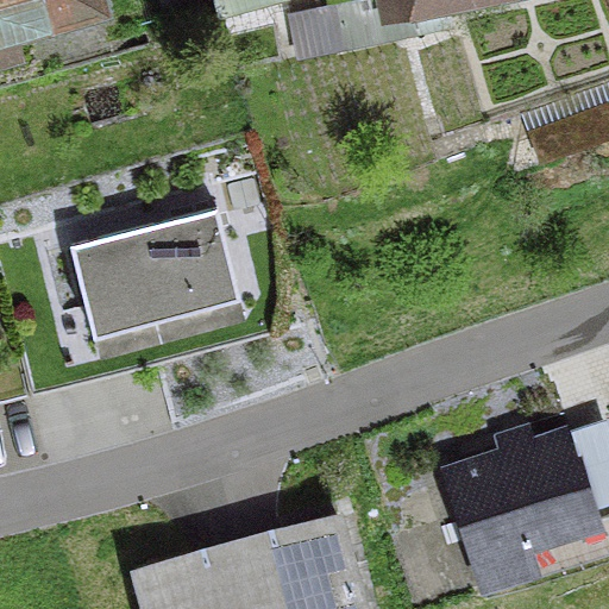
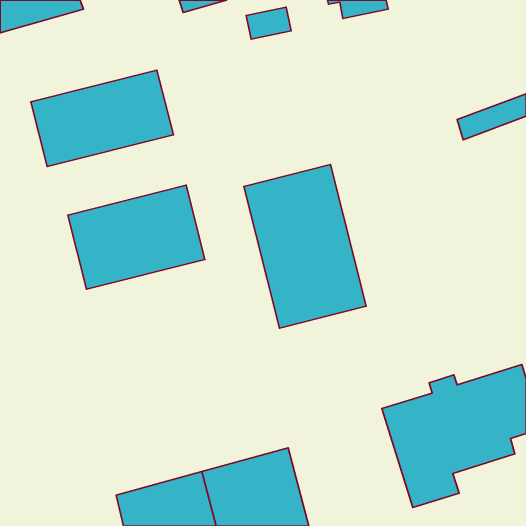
building: none -> [31,70,173,167]
building: none -> [244,164,366,328]

